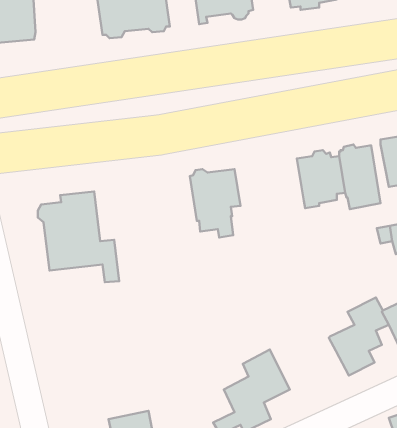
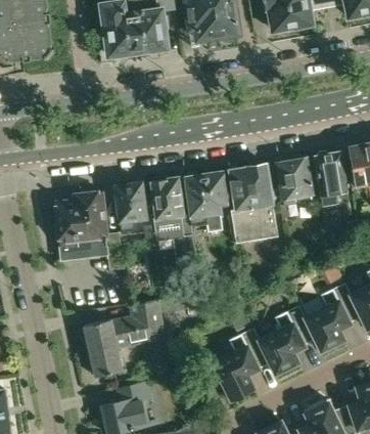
building: none -> [228,162,275,244]
building: none -> [148,177,190,241]
building: none -> [114,181,146,232]
building: none -> [84,301,164,377]
building: none -> [259,306,310,374]

